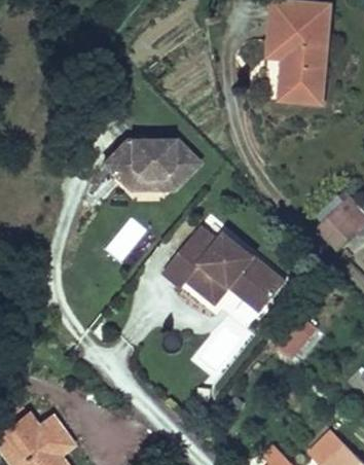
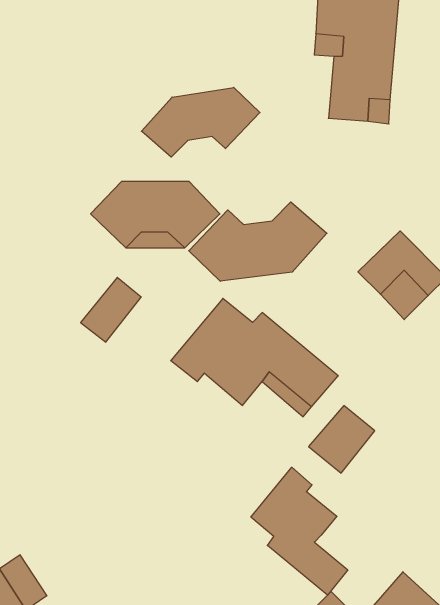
building: none -> [141,87,260,157]
building: none -> [189,202,327,281]
building: none -> [251,467,348,595]

